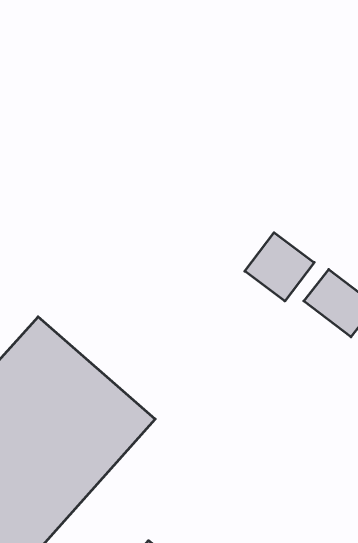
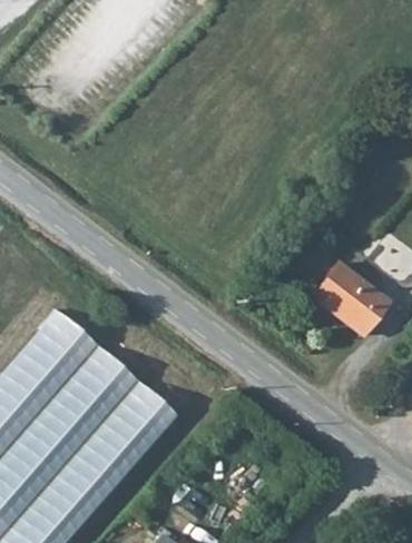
building: [245,233,314,301] -> none

